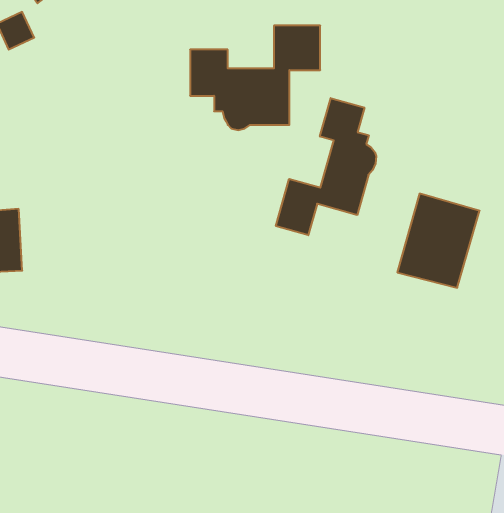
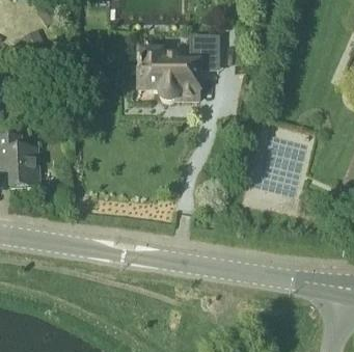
building: [276,98,376,235] -> none

